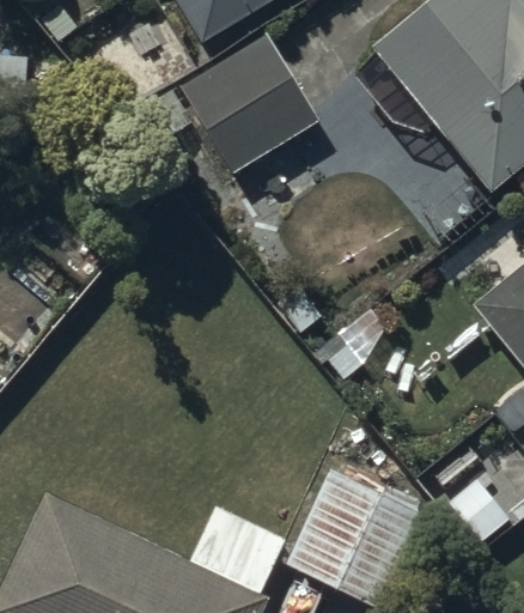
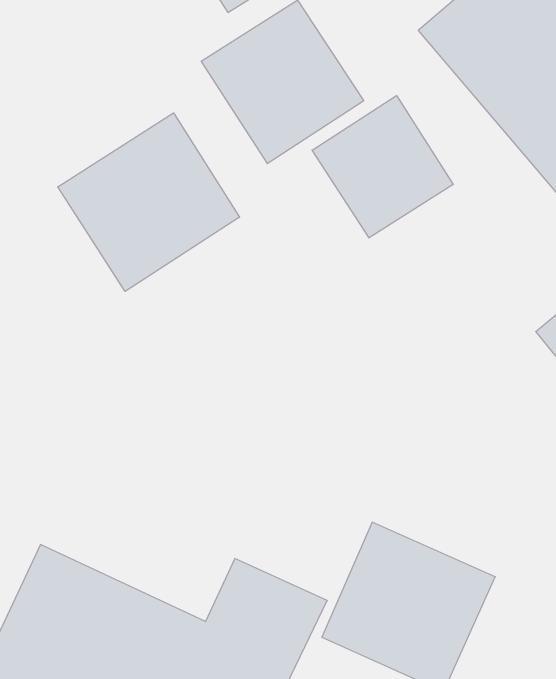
building: none -> [312,96,453,238]
building: none -> [58,113,240,291]

